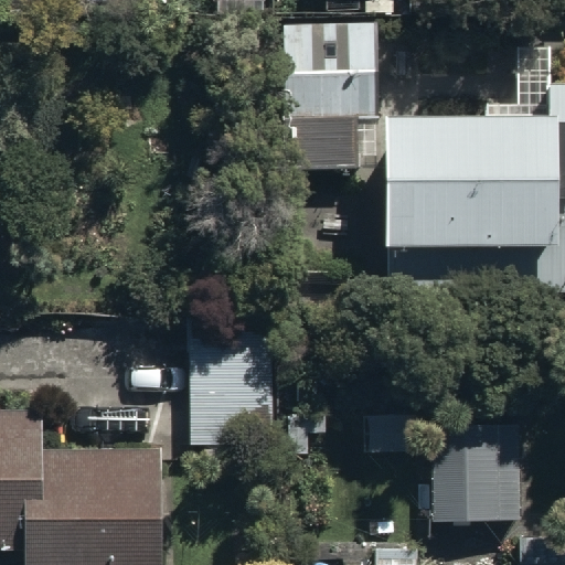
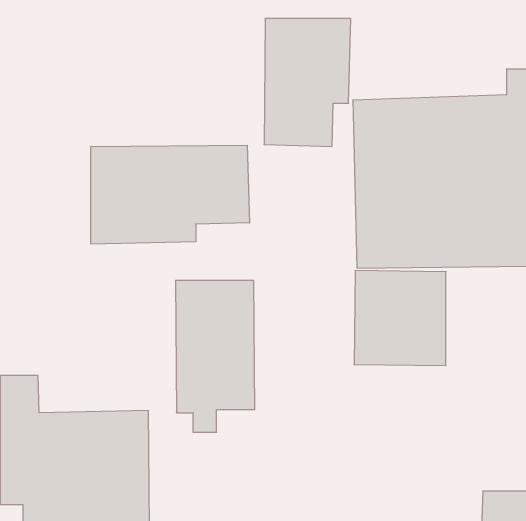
building: none -> [91,145,250,244]
building: [425,419,523,521] -> [354,271,446,366]

